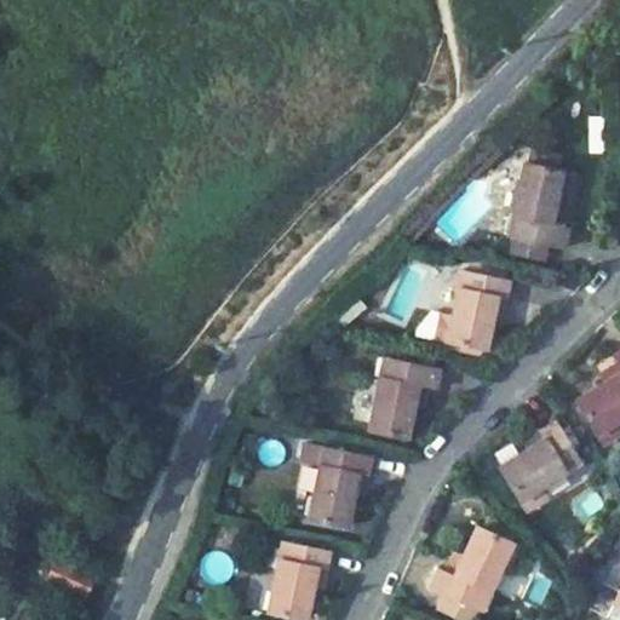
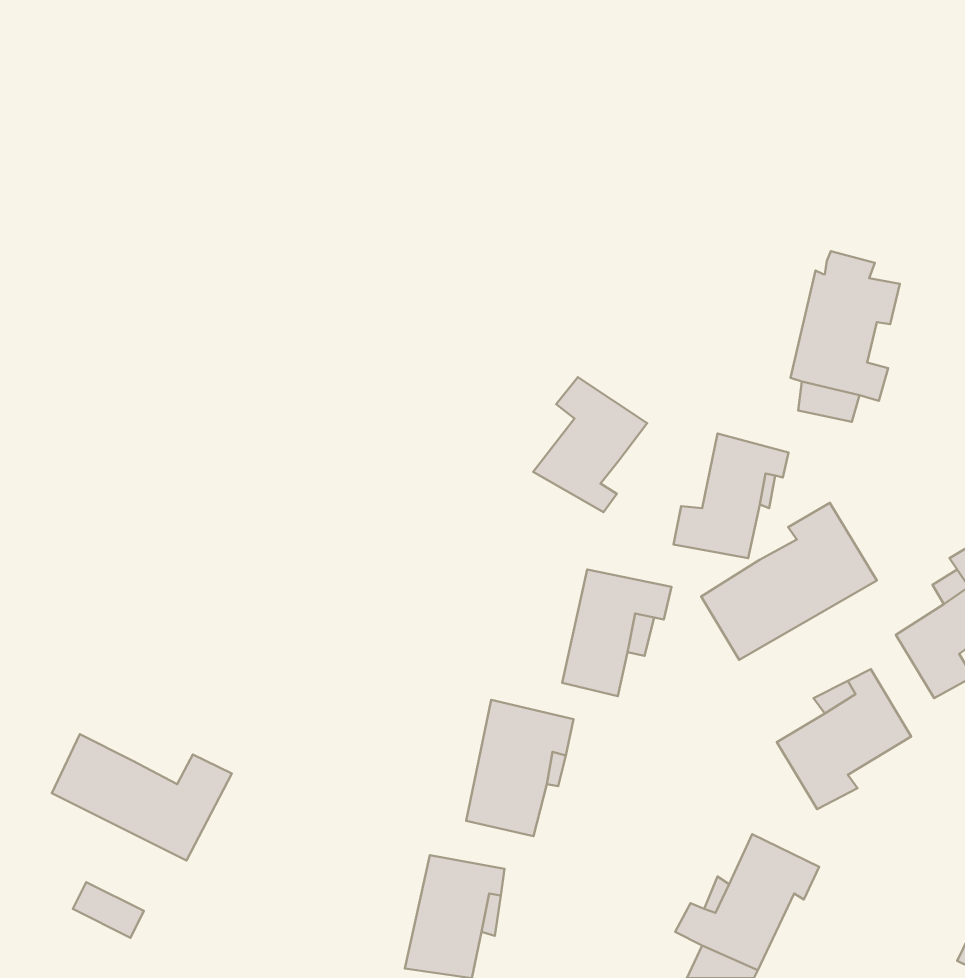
building: none -> [533,377,647,512]
building: none -> [701,503,877,660]
building: none -> [52,734,232,860]

